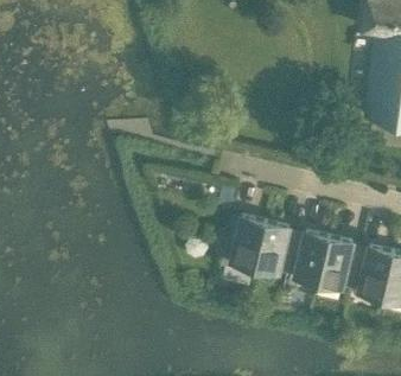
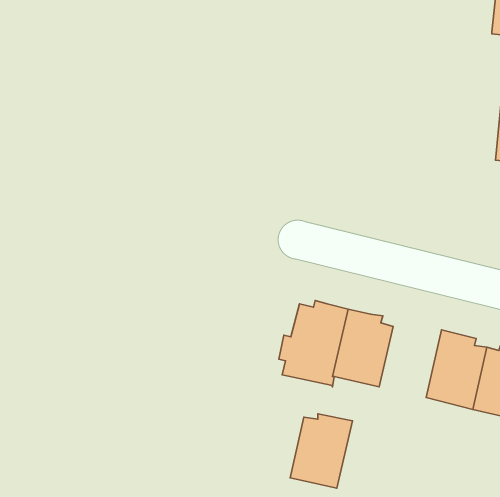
building: [297,236,339,287] -> [290,414,353,488]

